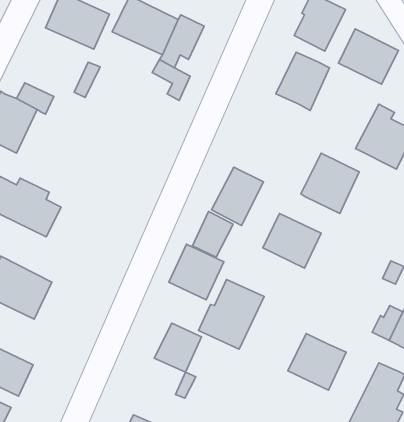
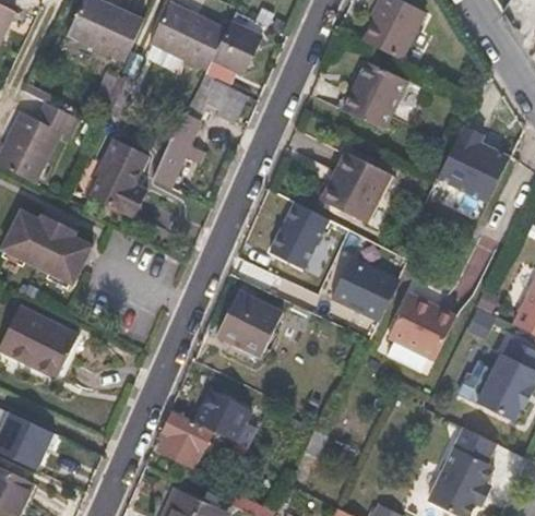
building: [338,29,398,84] -> none
building: none -> [152,110,204,187]
building: none -> [91,141,148,217]
building: [301,153,359,213] -> [321,154,390,225]
building: [192,211,233,257] -> none
building: [198,280,264,349] -> none
building: [288,334,346,390] -> [382,300,451,367]
building: none -> [158,411,210,465]

